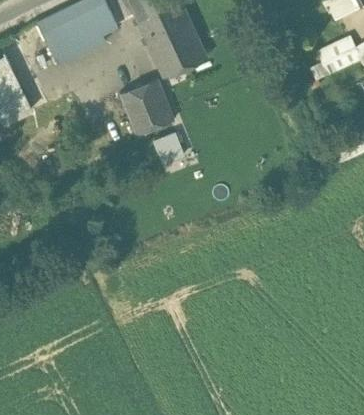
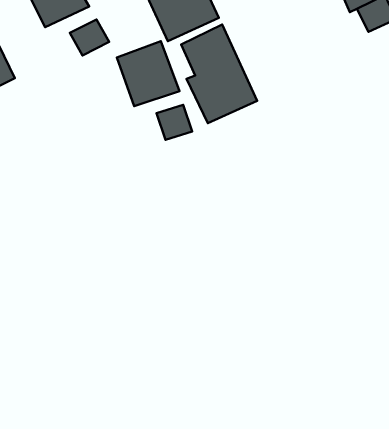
building: none -> [70,19,109,55]
building: none -> [181,24,257,123]

